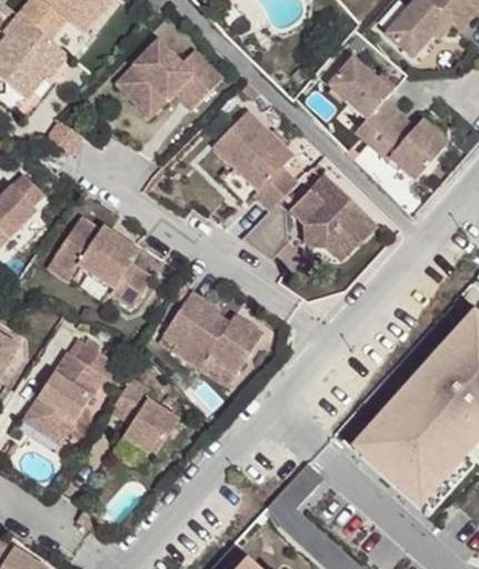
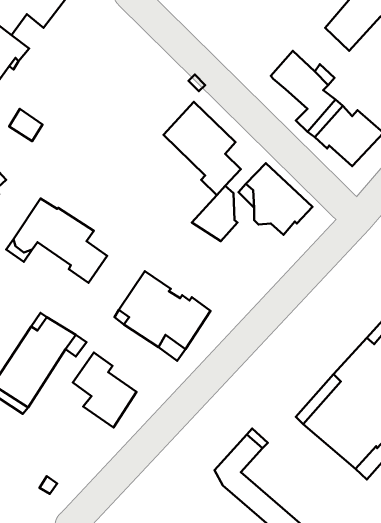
building: [111,44,217,120] -> none

